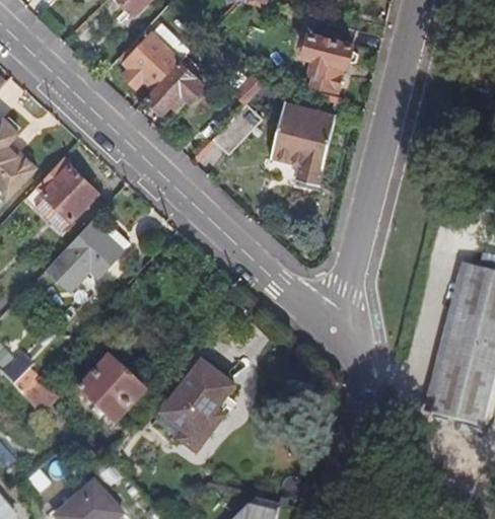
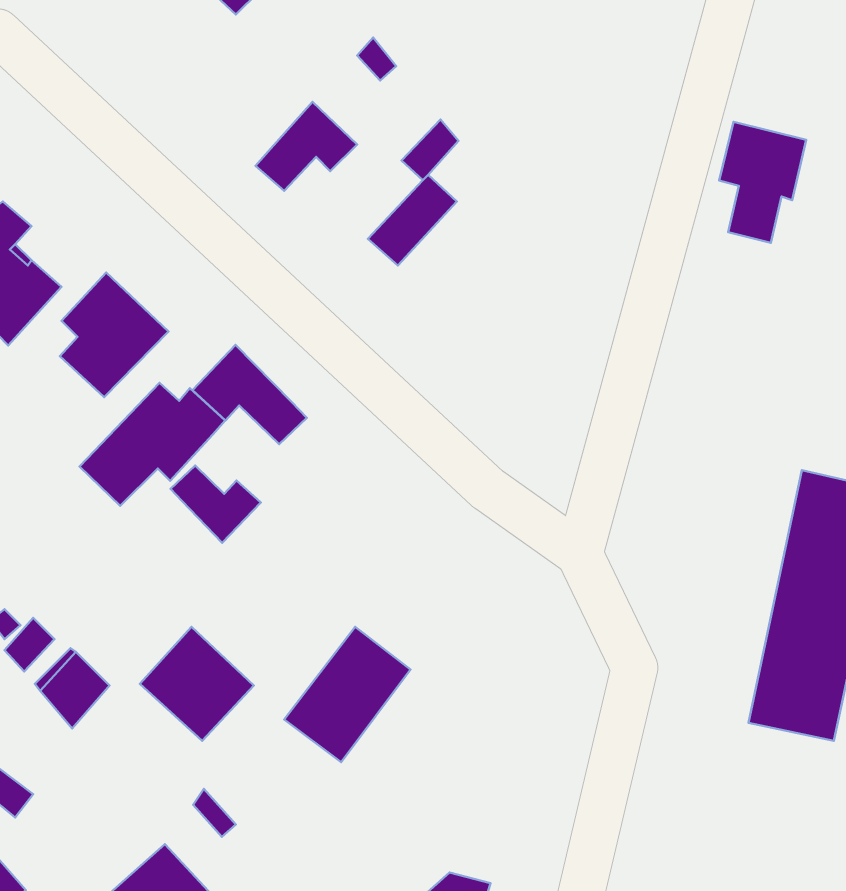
building: [307,18,357,87] -> [719,122,806,243]
building: [111,24,179,89] -> none
building: [277,105,339,187] -> none
building: none -> [193,345,307,444]
building: none -> [170,465,261,543]

